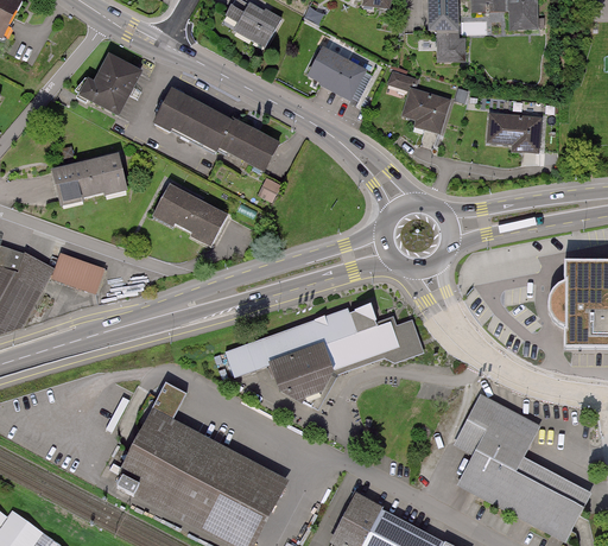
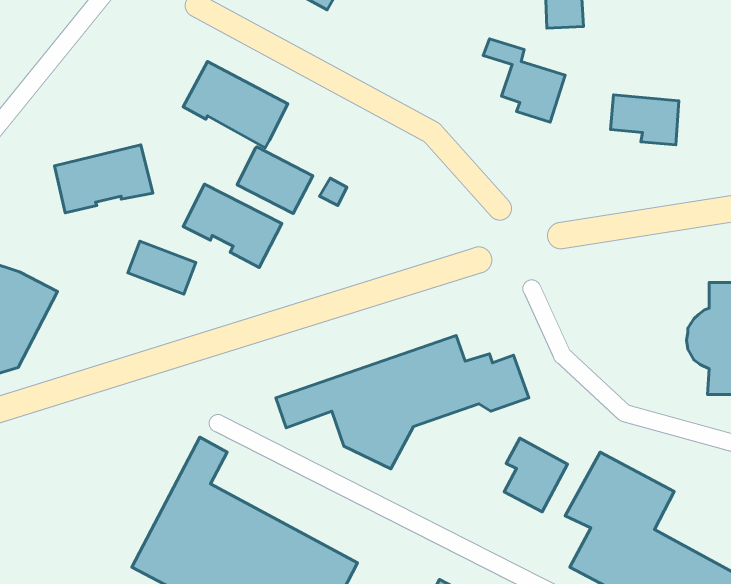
building: [306,45,368,101] -> none
building: [77,52,142,116] -> none
building: [220,119,279,171] -> [237,147,313,214]
building: [51,252,104,293] -> [128,241,196,294]
building: none -> [504,438,567,512]

